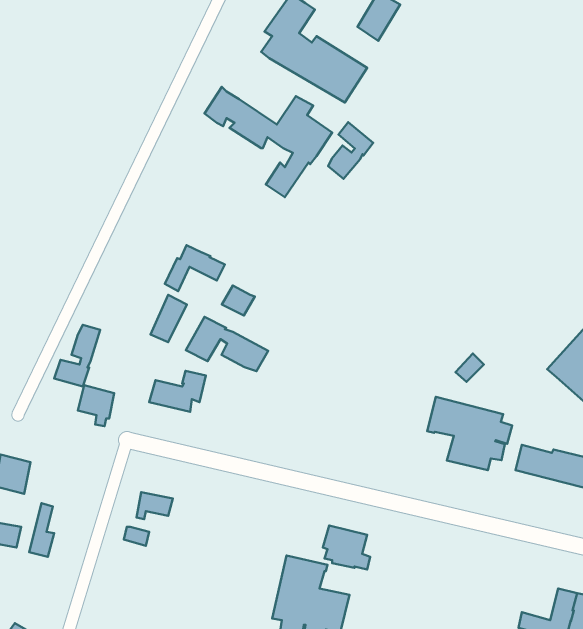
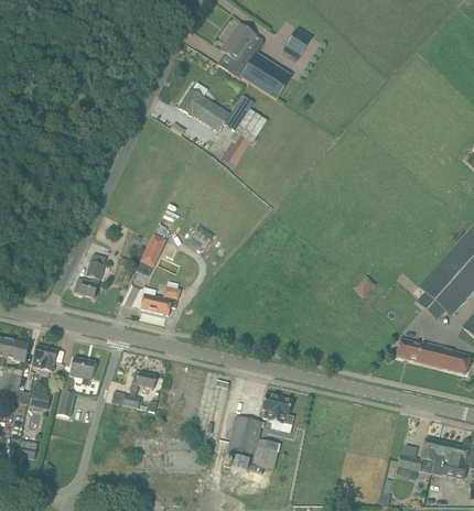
building: [328,122,373,179] -> none
building: [165,245,225,291] -> none
building: [186,317,268,371] -> none
building: [78,385,114,426] -> [69,357,95,385]
building: [427,397,512,470] -> none

